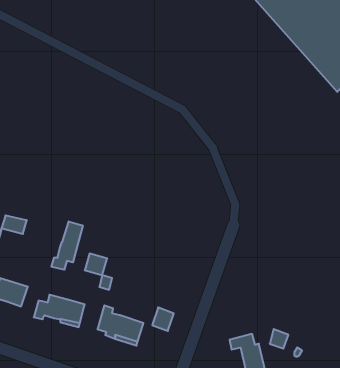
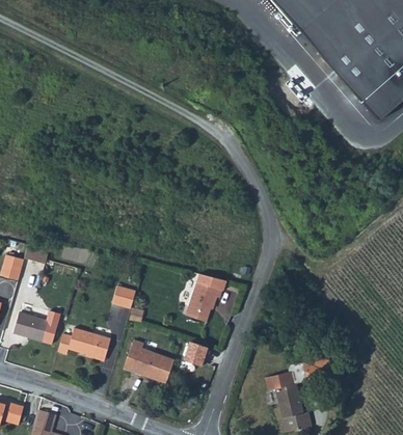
building: [51,221,83,270] -> none
building: none -> [184,272,224,320]

